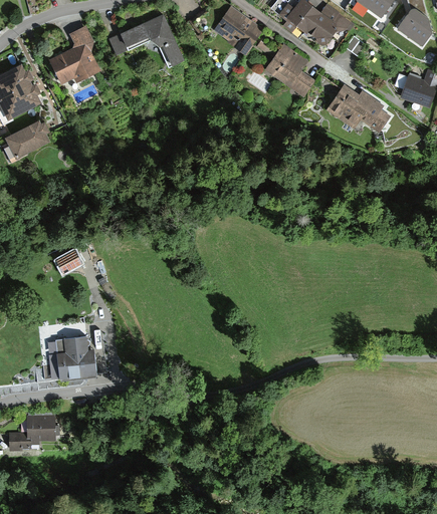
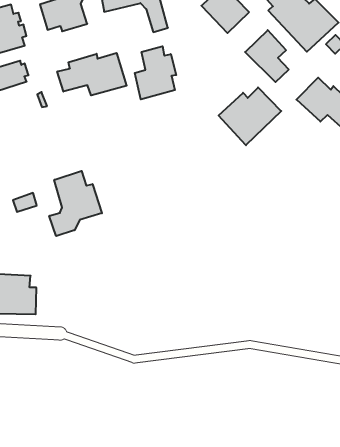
building: none -> [135,46,176,99]
building: none -> [57,53,127,95]
building: none -> [219,87,281,145]
building: none -> [49,171,102,236]

